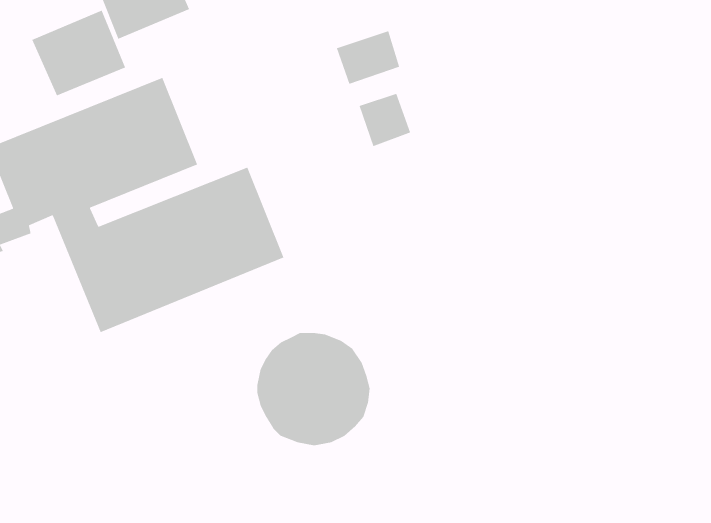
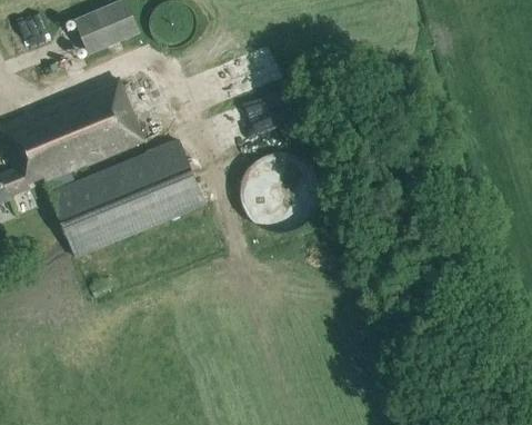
building: [31,10,126,97] -> none
building: [257,332,370,446] -> [238,152,317,231]

